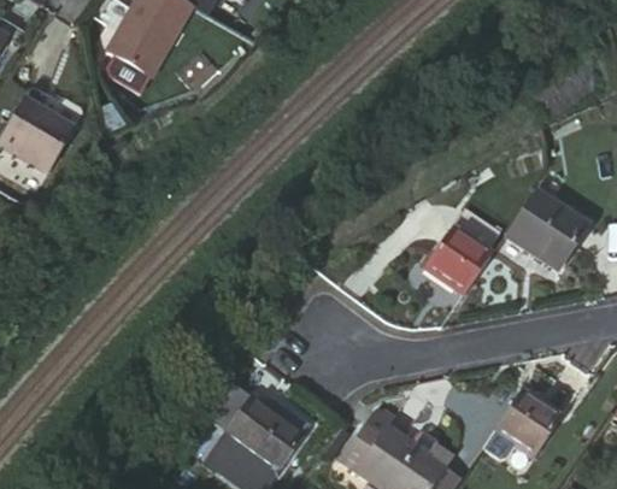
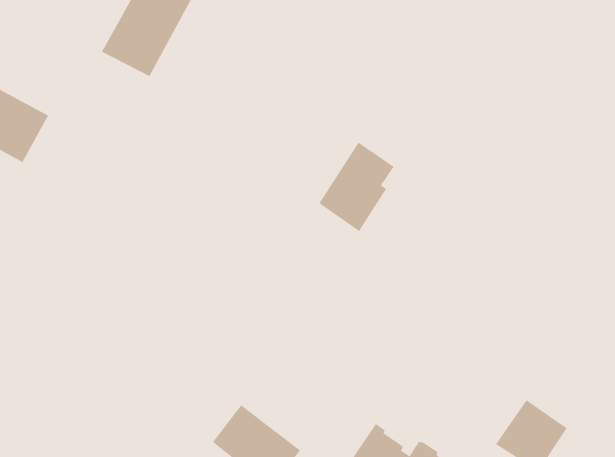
building: [512,188,592,266] -> none
building: [430,207,504,294] -> [318,142,394,232]

